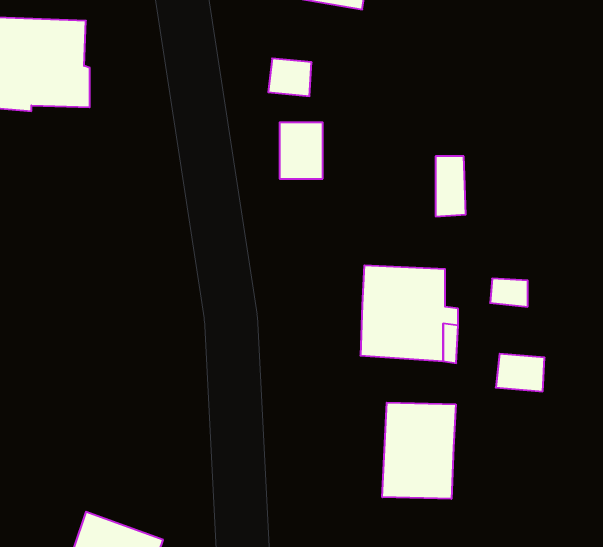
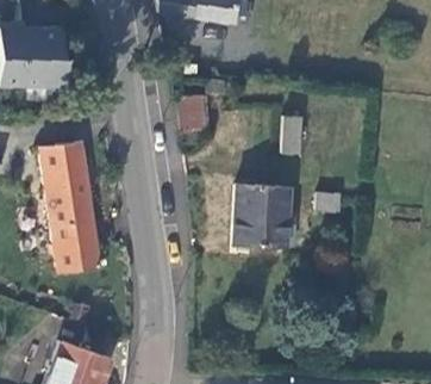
building: none -> [42,142,96,270]
building: [382,403,456,499] -> none

